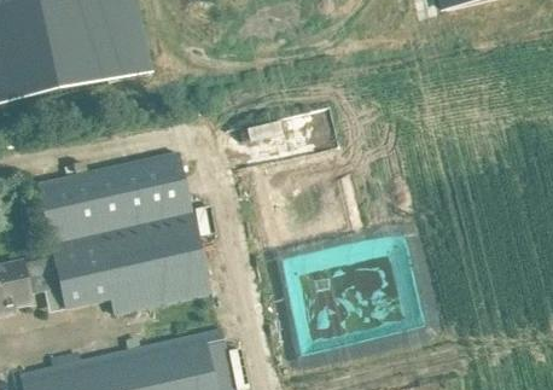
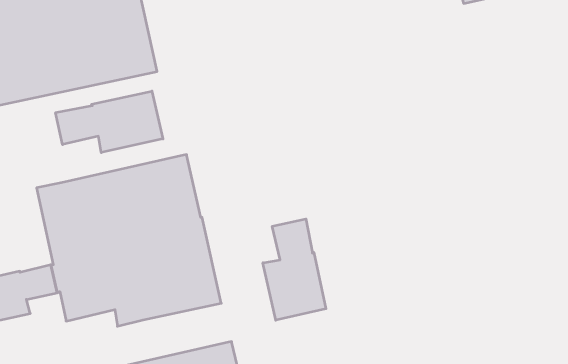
building: none -> [56,91,163,153]
building: none -> [263,219,326,320]

